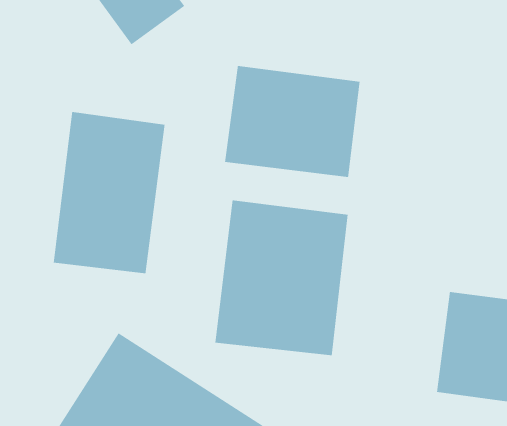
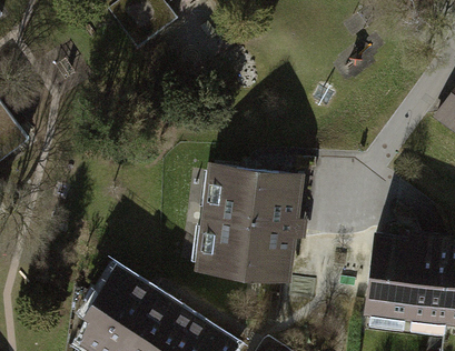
building: [224,65,360,178] -> none
building: [53,111,165,274] -> none

